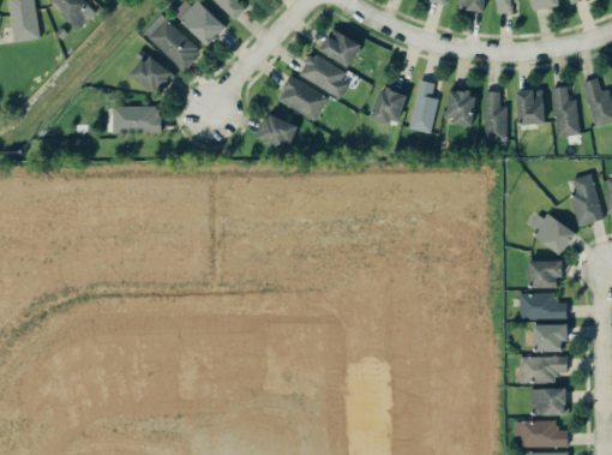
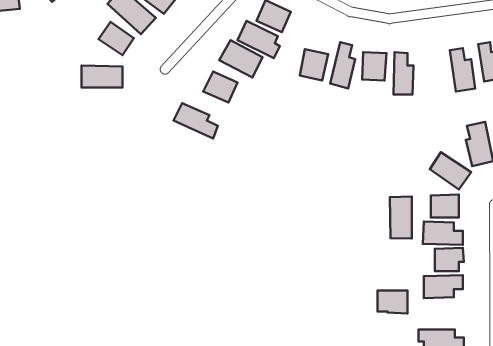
building: [516,90,544,124] -> none
building: none -> [174,103,218,138]
building: none -> [390,196,412,239]
building: [530,388,566,415] -> [377,290,408,314]

